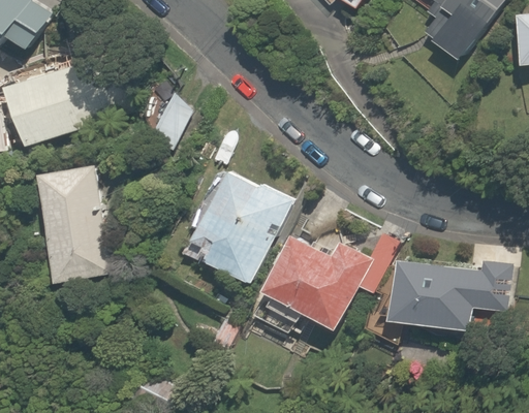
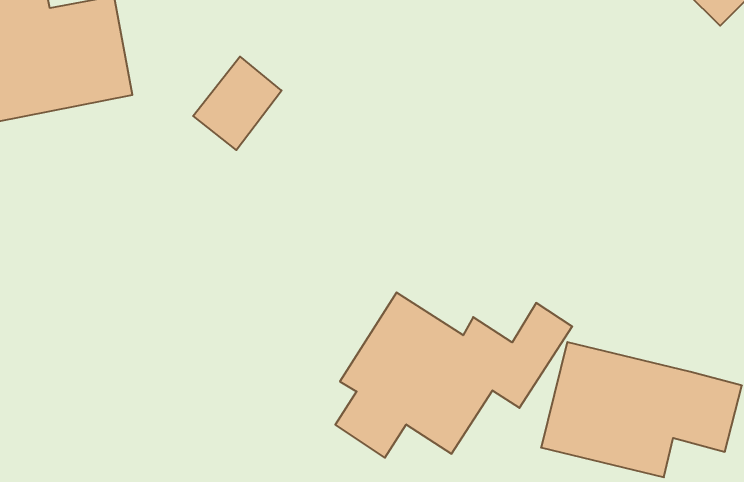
building: [183,163,294,288] -> none
building: [38,169,114,282] -> none

